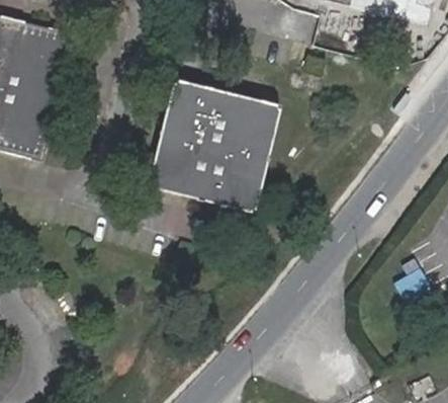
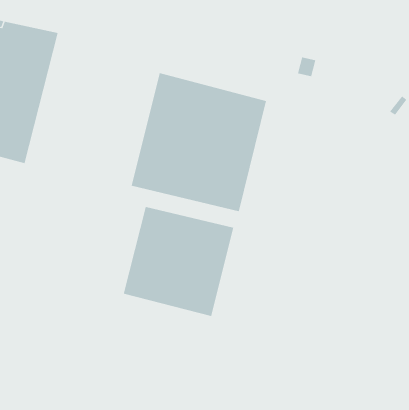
building: none -> [123,206,234,317]

